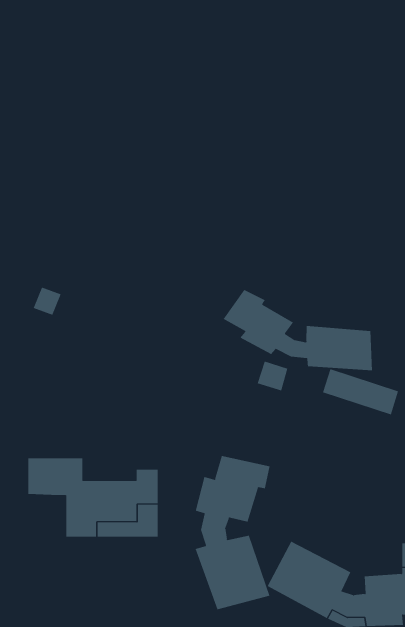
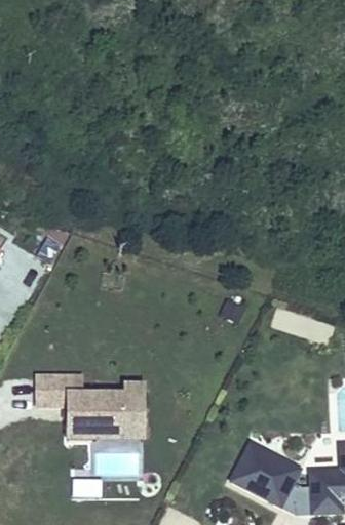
building: [223,289,372,371] -> none
building: [195,455,270,610] -> none

